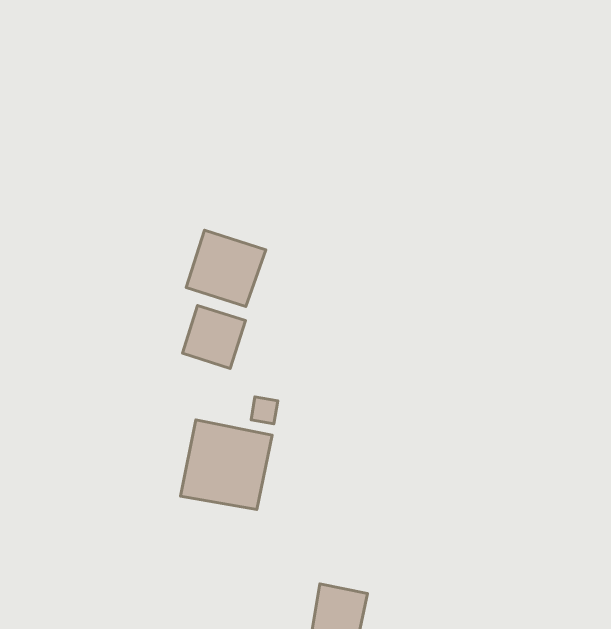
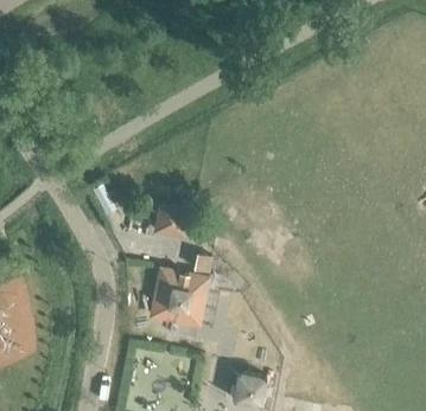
building: [186,230,266,306] -> none

